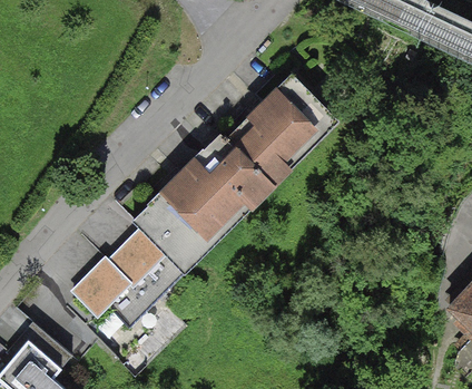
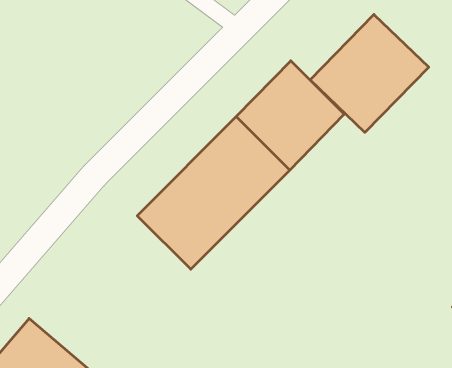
building: none -> [310,14,429,132]
building: [72,228,180,338] -> none

